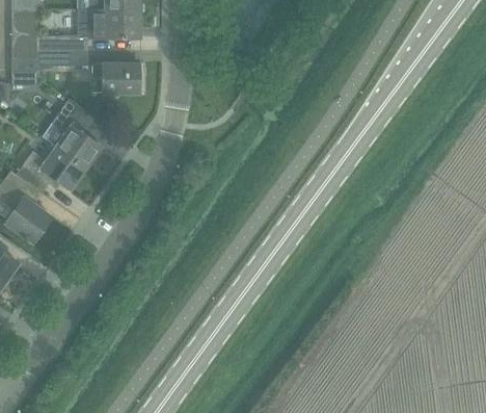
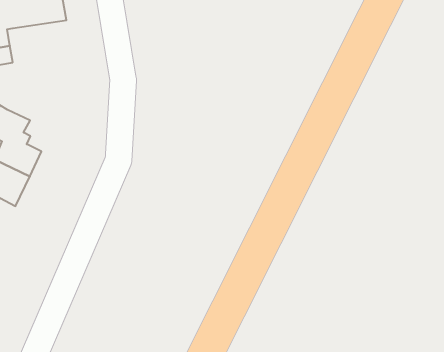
building: [93,66,138,94] -> none

